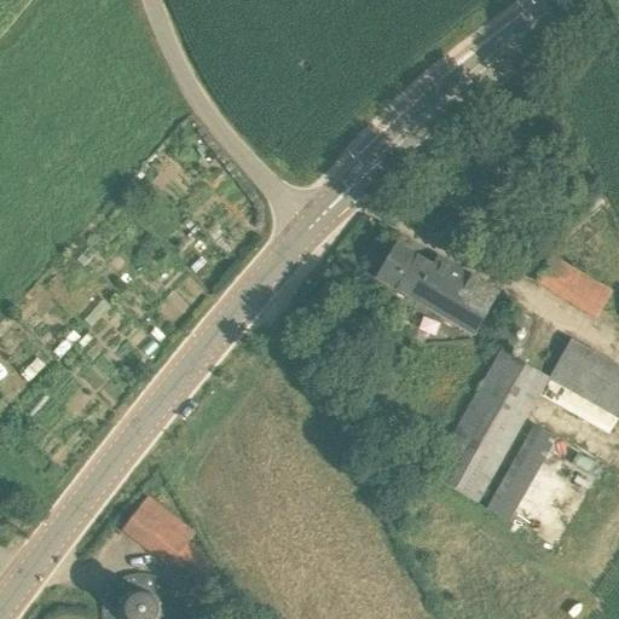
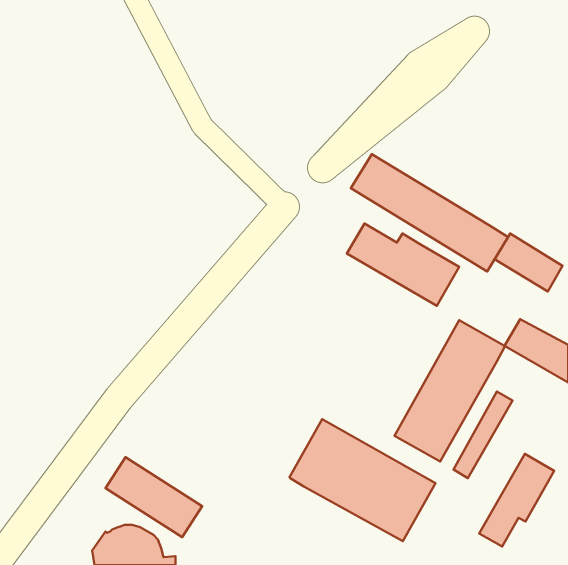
building: none -> [351,154,508,272]
building: none -> [290,419,435,541]
building: none -> [479,454,554,547]

